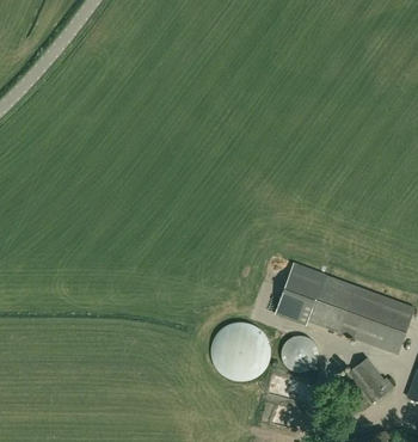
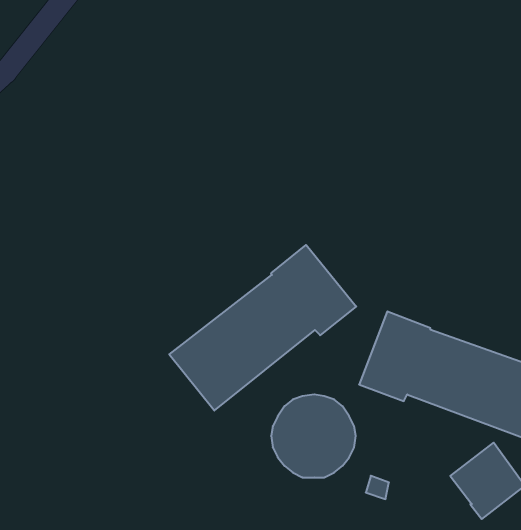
building: none -> [169,245,356,411]
building: [282,336,319,373] -> none

